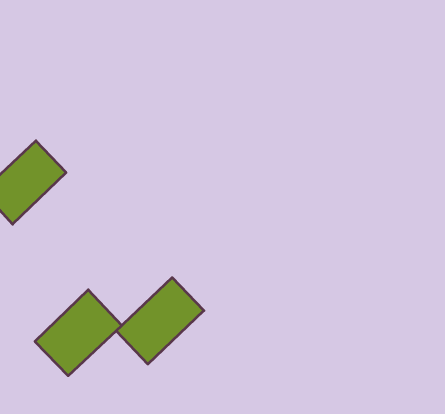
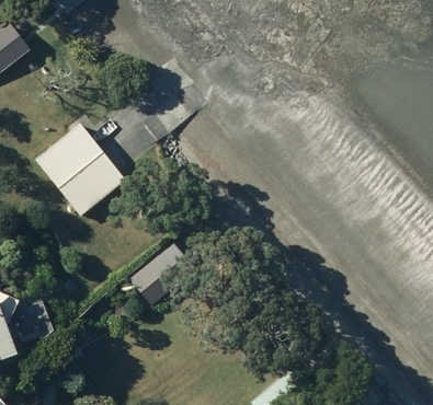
building: [35,290,122,376] -> [58,151,126,215]

